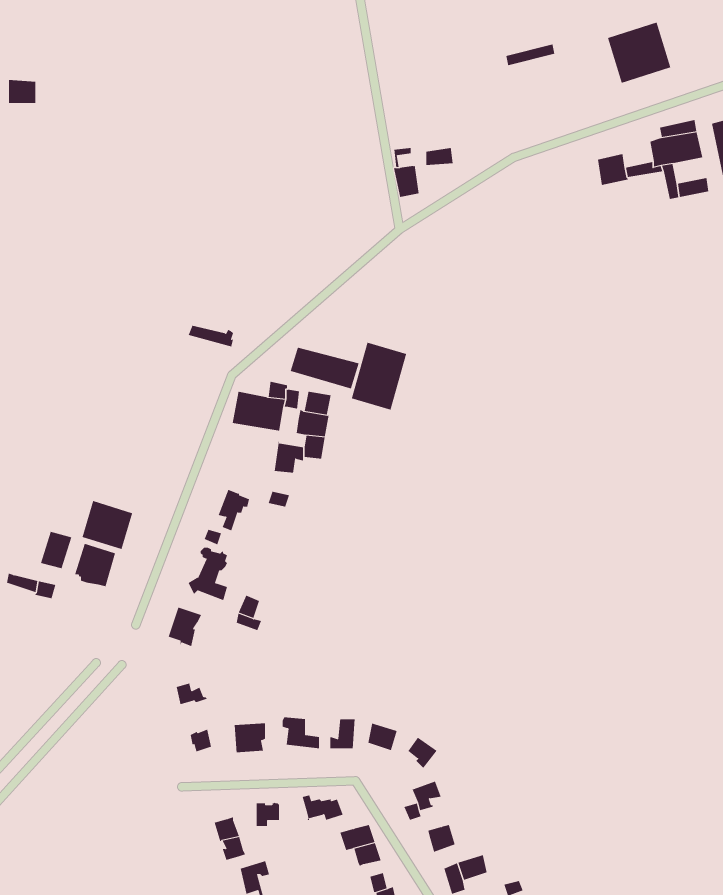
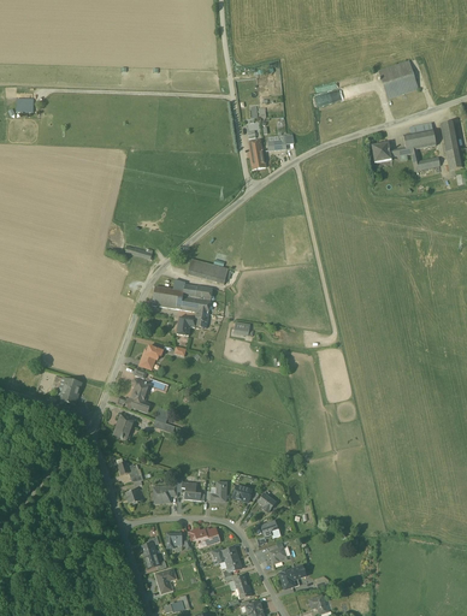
building: [351,342,407,410] -> none
building: [82,500,133,550] -> none

